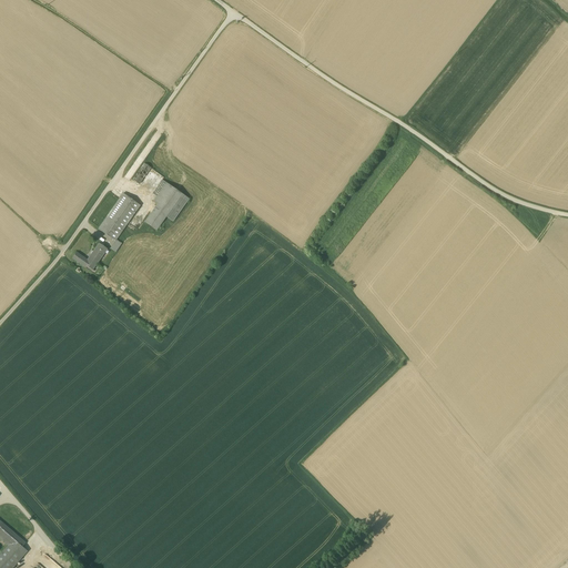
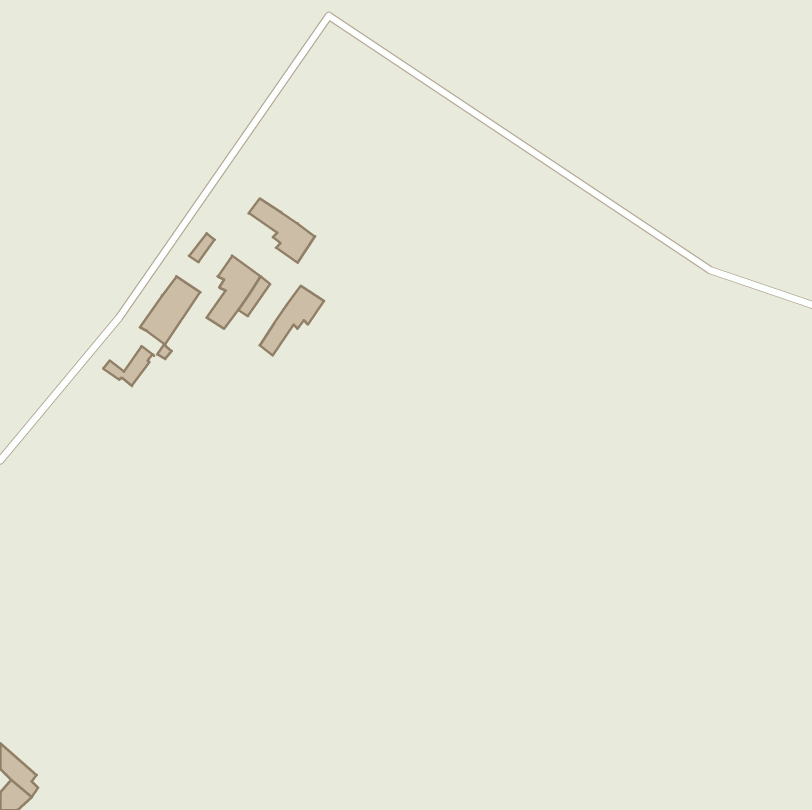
building: none -> [249,199,315,263]
building: none -> [260,286,324,355]

